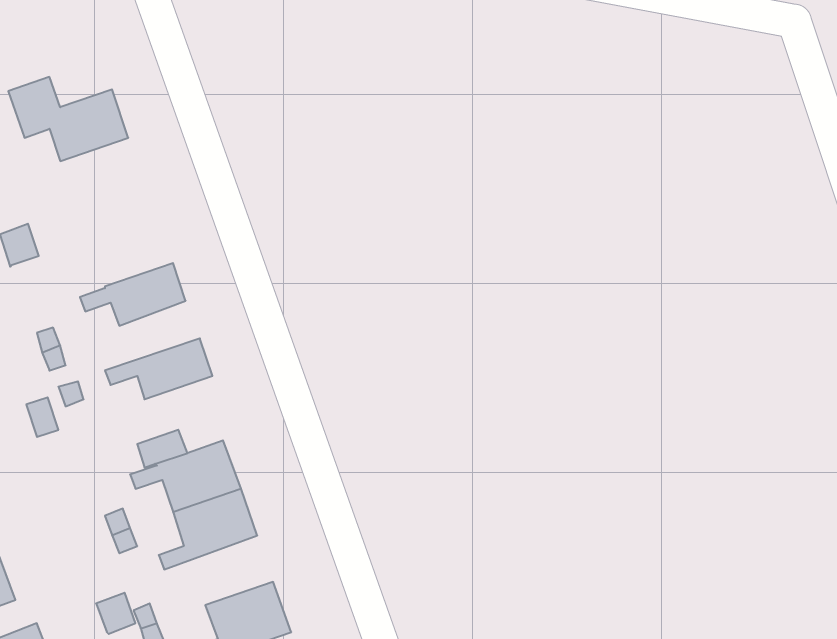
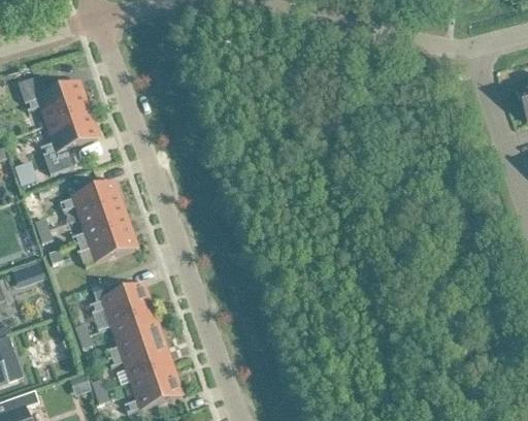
building: none -> [40,109,98,173]
building: none -> [72,203,129,244]
building: none -> [108,338,171,379]

